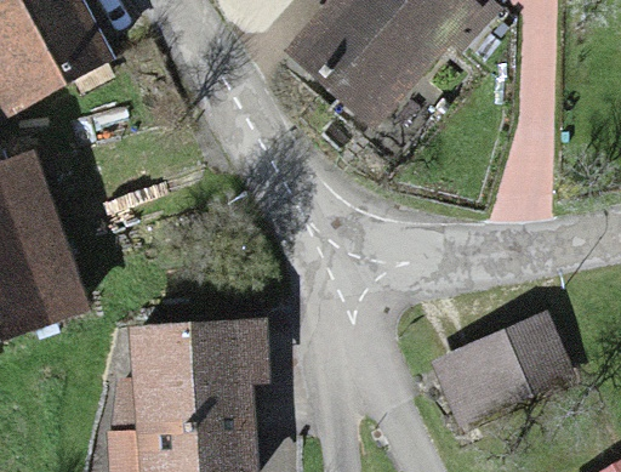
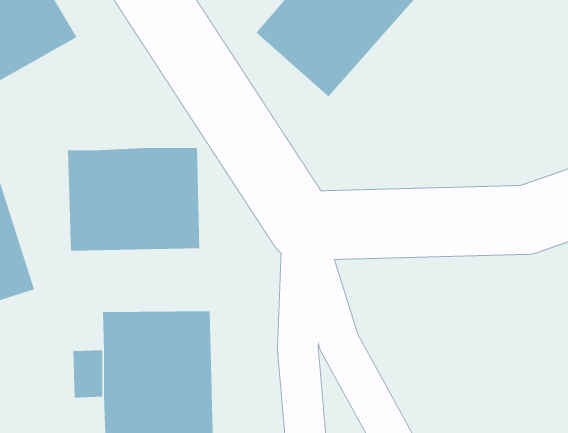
building: none -> [67,147,200,251]
building: [434,313,574,422] -> none

